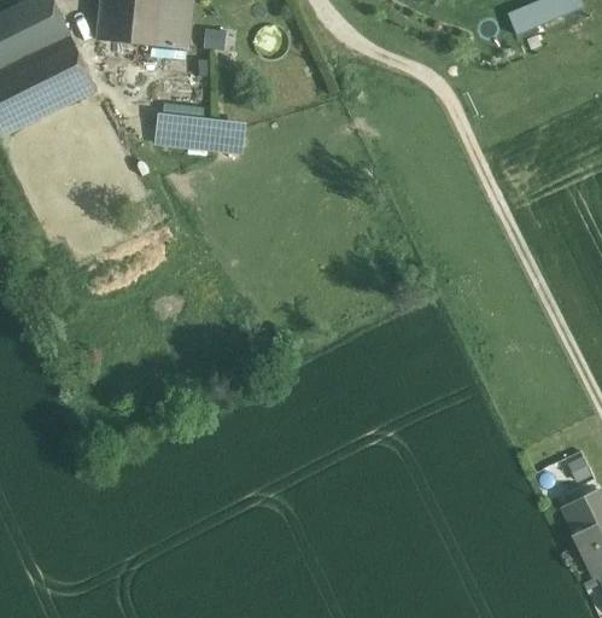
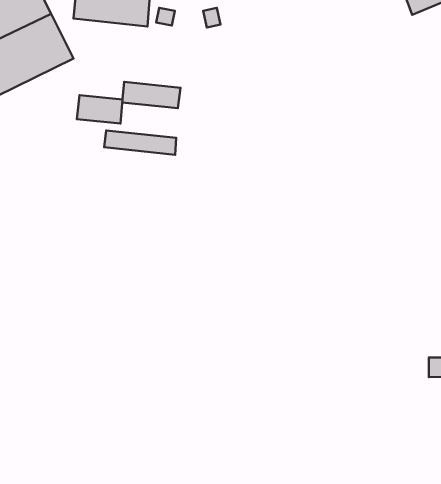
building: none -> [77,95,122,124]
building: none -> [104,131,176,155]

